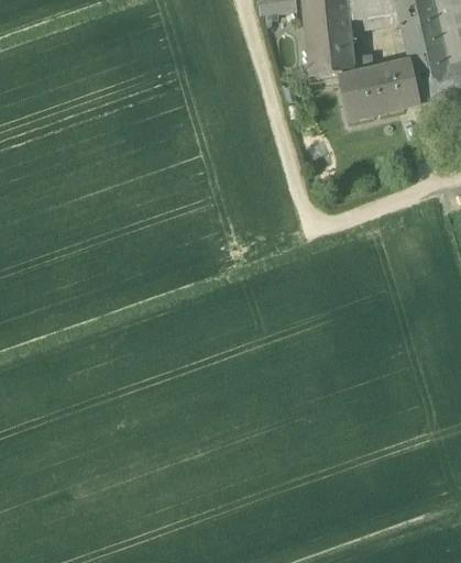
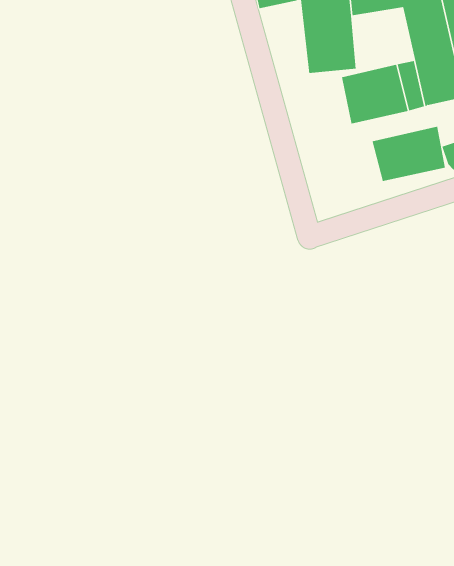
building: none -> [372,126,446,182]

